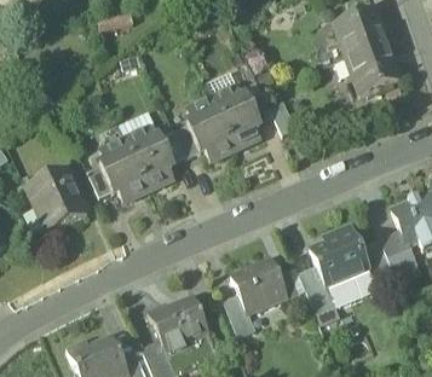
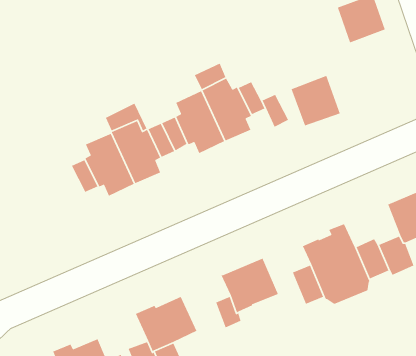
building: [355,39,403,88] -> [291,75,341,126]
building: [27,166,87,230] -> none

